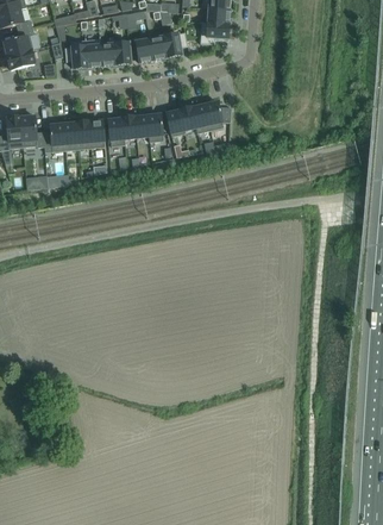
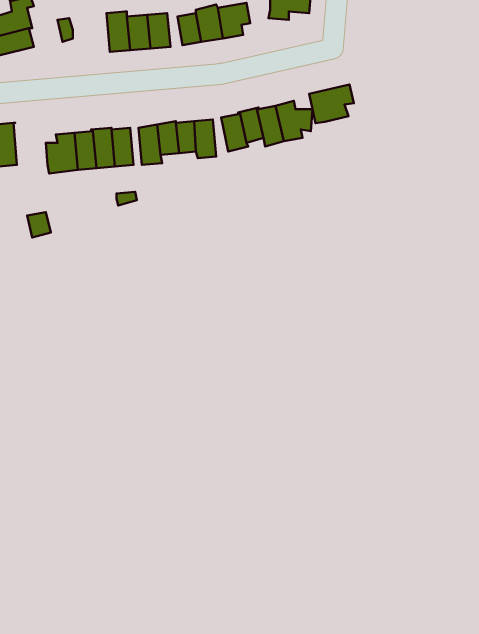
building: [64,39,88,68] -> none
building: none -> [309,84,354,123]
building: [20,115,44,148] -> none

